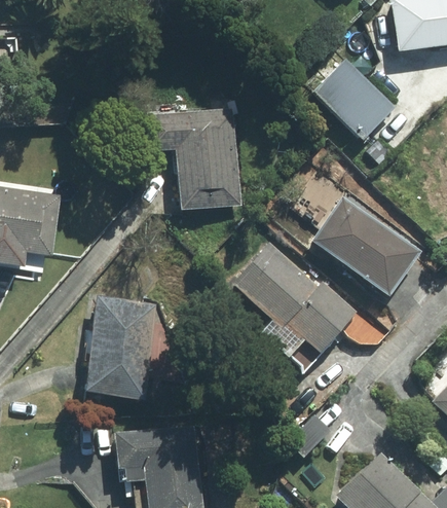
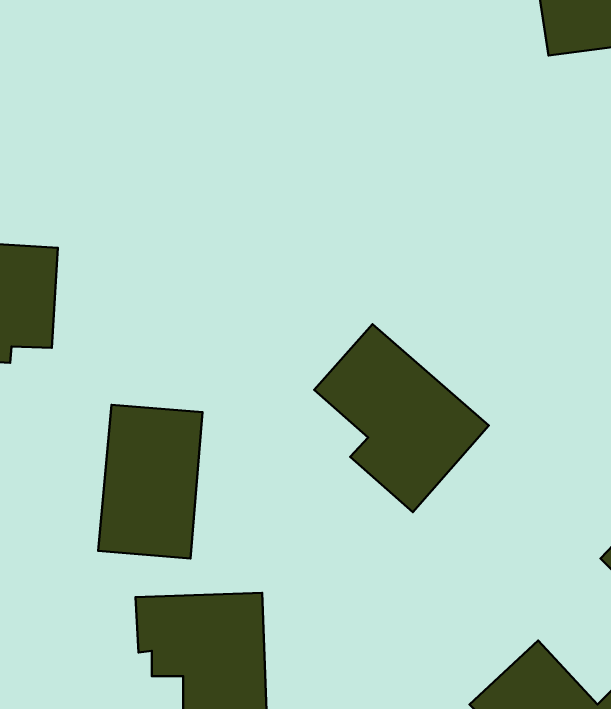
building: [314,59,397,141] -> none
building: [148,109,244,209] -> none
building: [306,192,423,299] -> none

